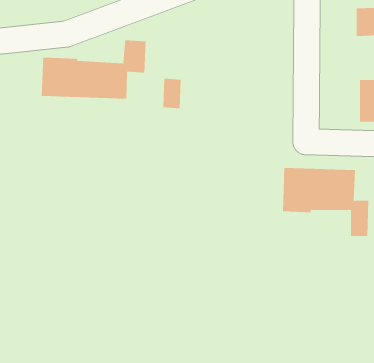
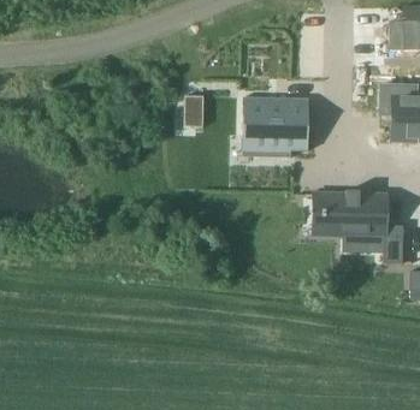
building: [41,40,146,100] -> none
building: none -> [242,96,308,158]

